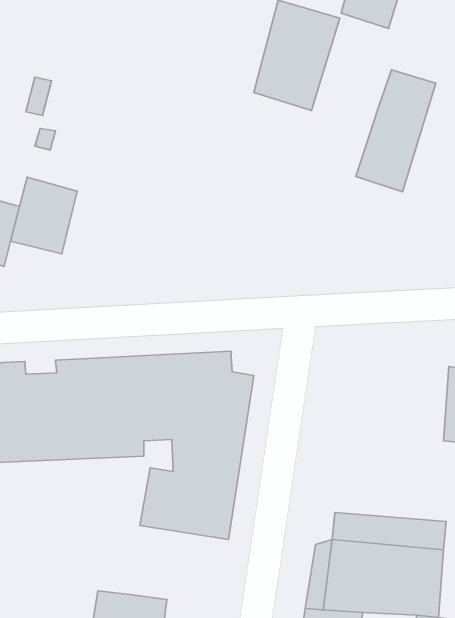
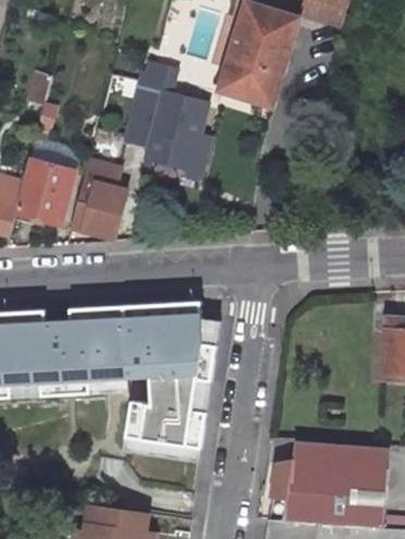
building: none -> [130,62,216,185]
building: [356,70,436,192] -> none
building: none -> [66,173,124,233]

